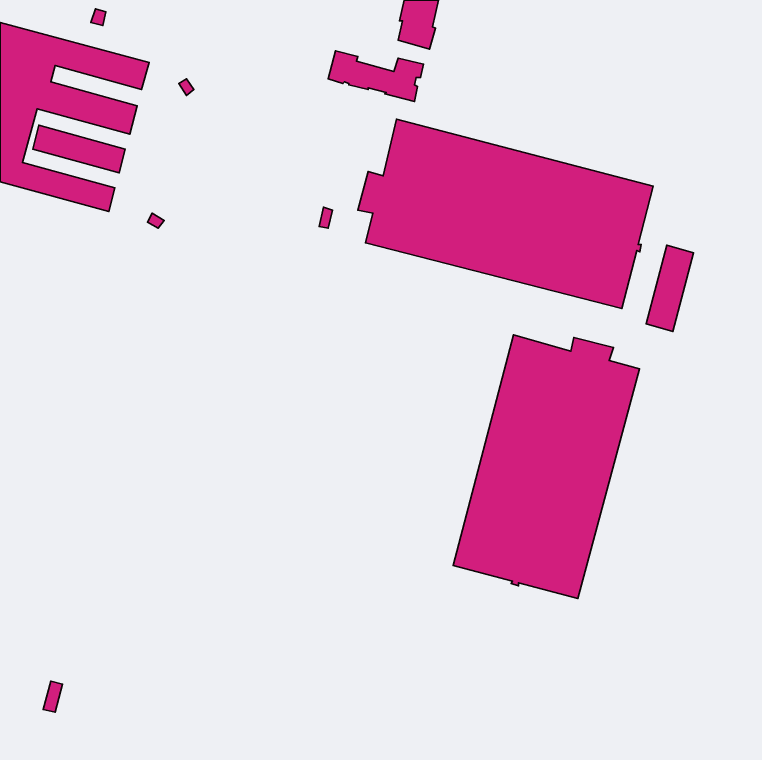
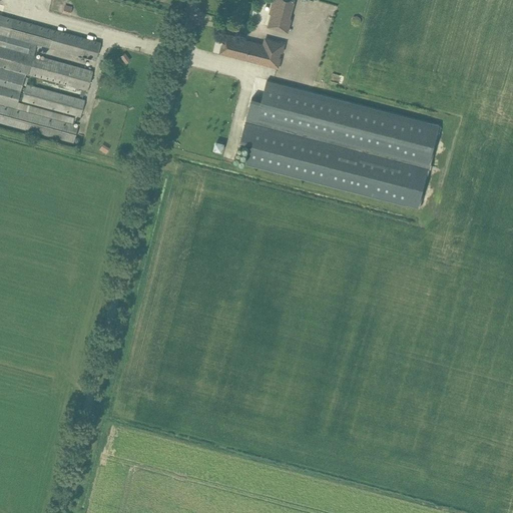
building: [646,245,693,331] -> none
building: [453,335,640,599] -> none

